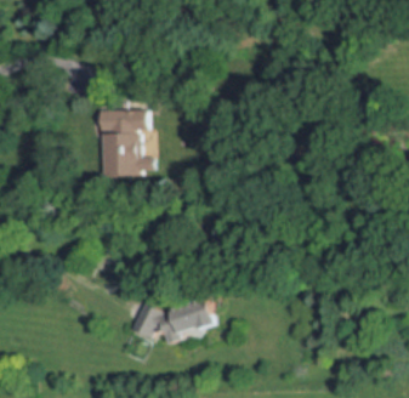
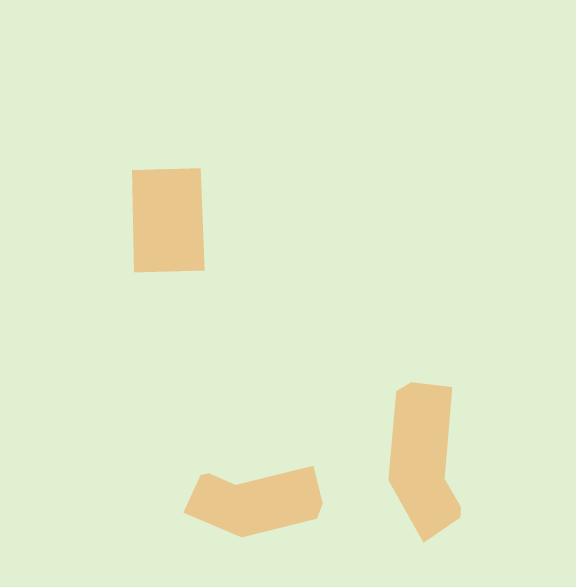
building: none -> [388,382,461,544]

